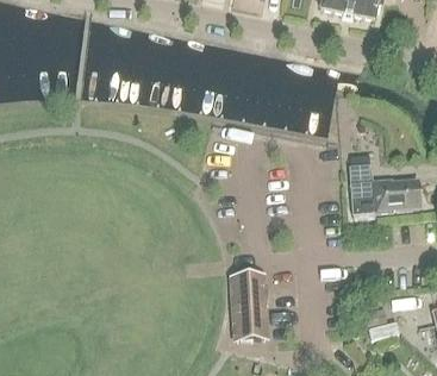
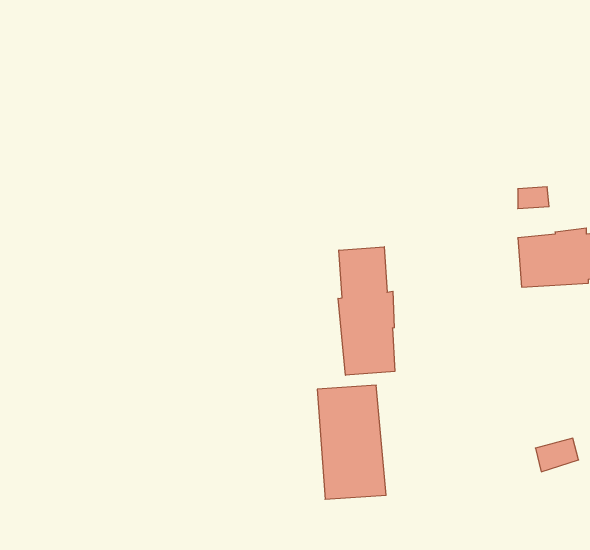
building: none -> [338,247,395,375]

